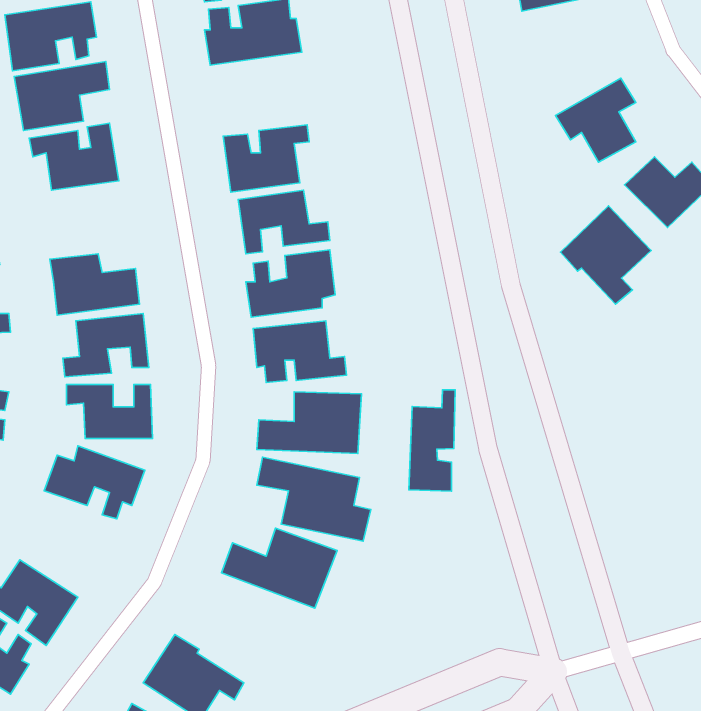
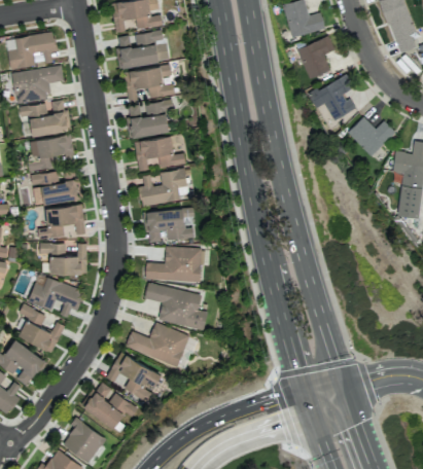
building: none -> [296,37,334,80]
building: none -> [125,66,174,103]
building: none -> [28,135,74,172]
building: [560,206,651,304] -> none
building: [409,390,455,491] -> none
building: none -> [19,305,64,352]
building: none -> [105,352,160,402]

